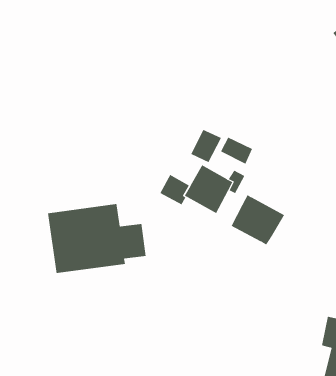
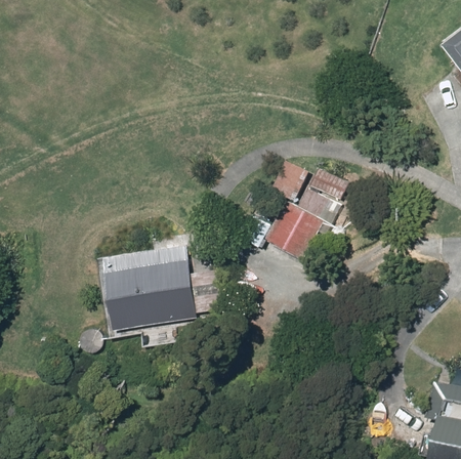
building: [231,194,285,246] -> none

